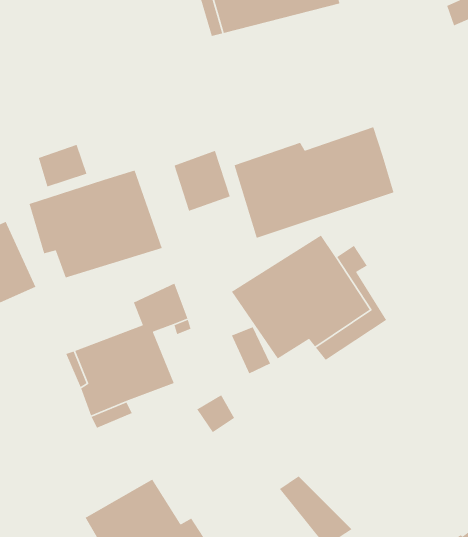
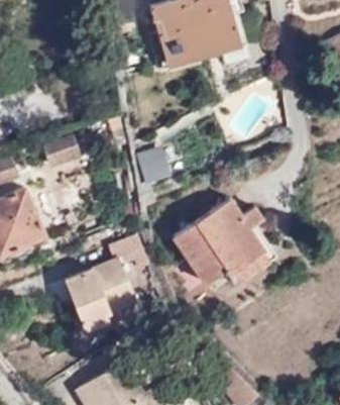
building: [234,126,395,239] -> none
building: [28,169,163,278] -> none

